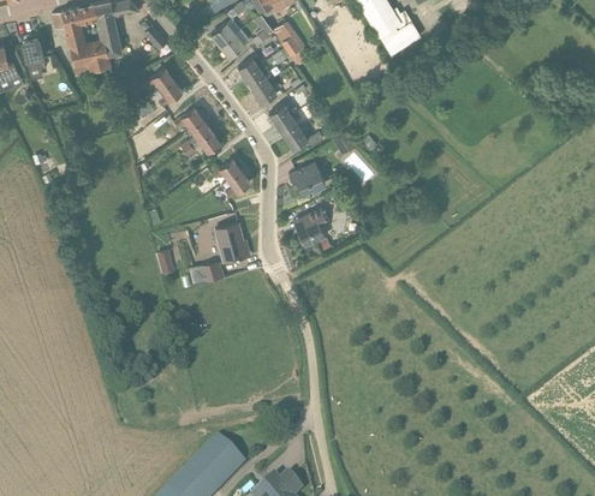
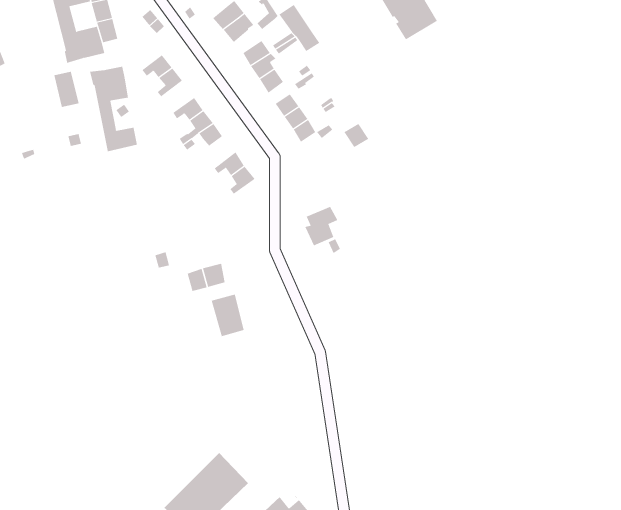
building: [22,38,46,72] -> [53,71,79,107]
building: none -> [90,66,138,152]
building: [288,163,325,196] -> none
building: [215,222,246,262] -> [211,294,245,337]

